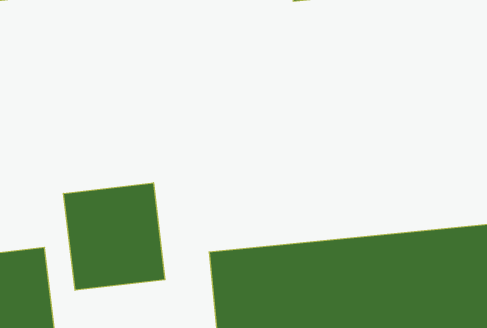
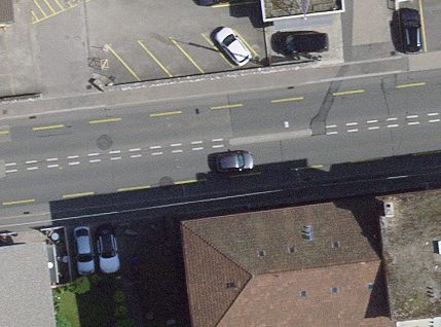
building: [63,183,165,290] -> none

